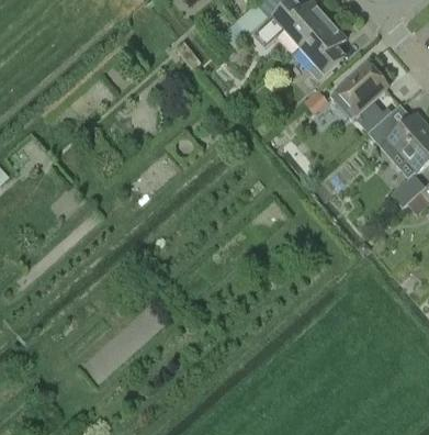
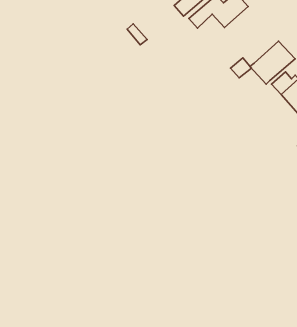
building: [298,20,346,80] -> none

